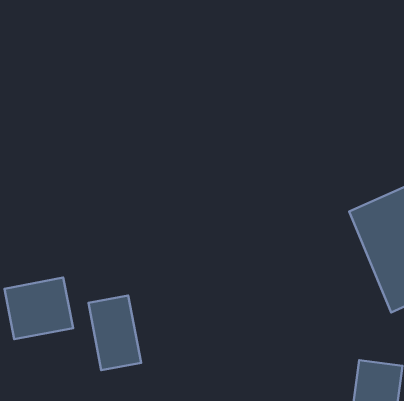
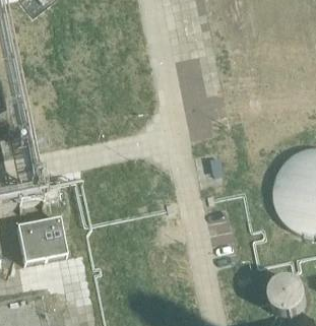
building: [88,295,141,370] -> none

